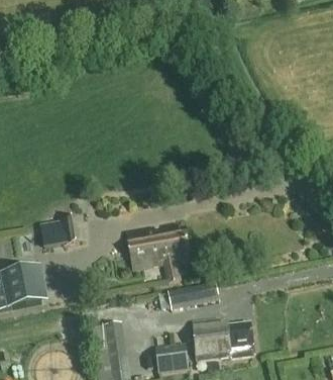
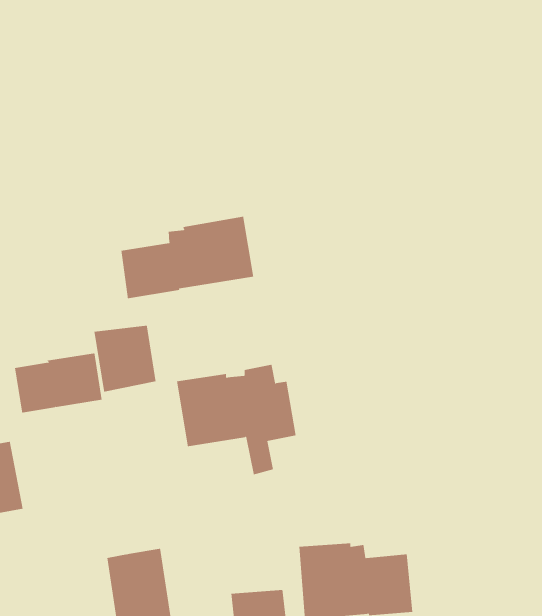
building: none -> [121,216,254,299]
building: none -> [94,325,156,392]
building: [172,283,222,308] -> none

